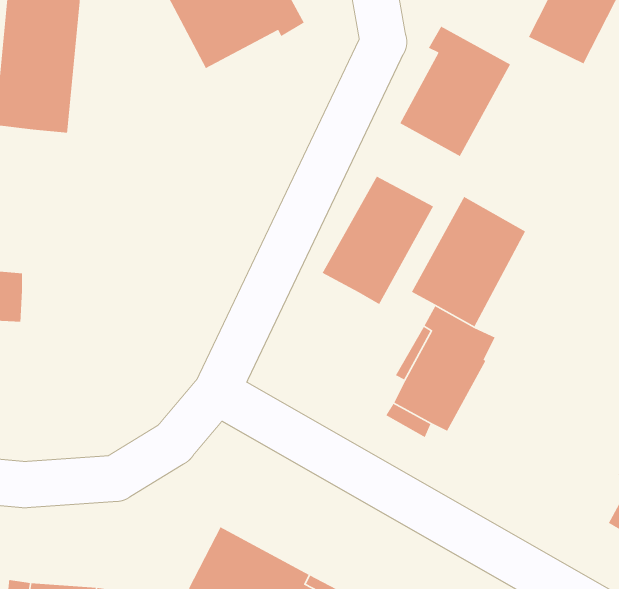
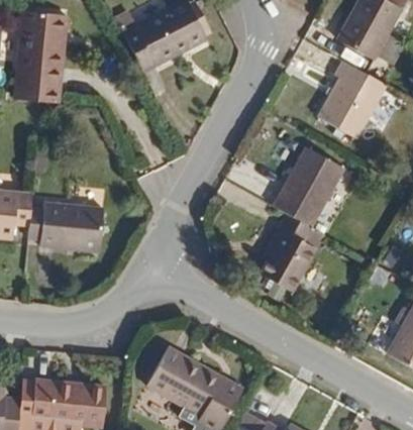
building: [399,26,511,157] -> [324,63,395,145]
building: [321,175,434,305] -> none
building: none -> [28,198,105,247]

